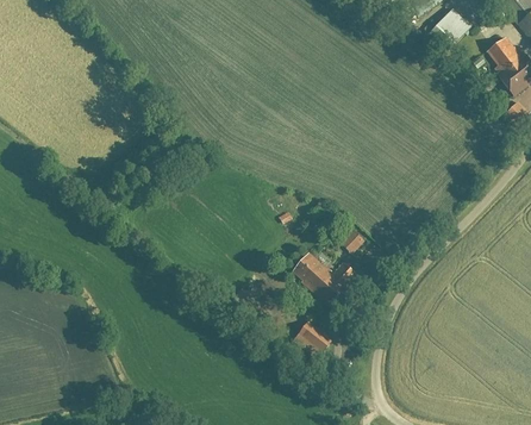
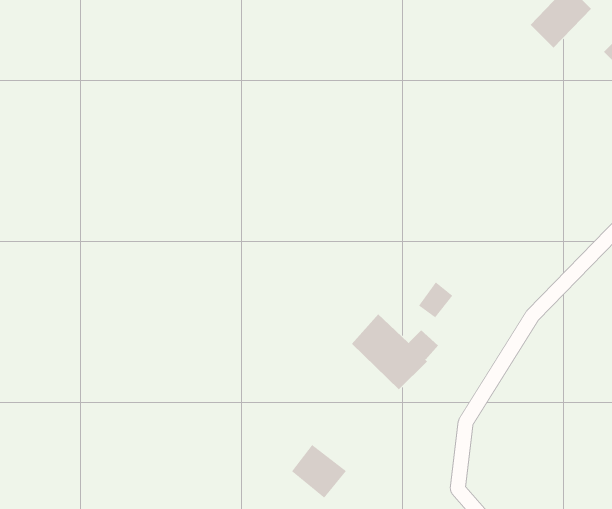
building: [294,320,336,361] -> [291,444,347,498]

